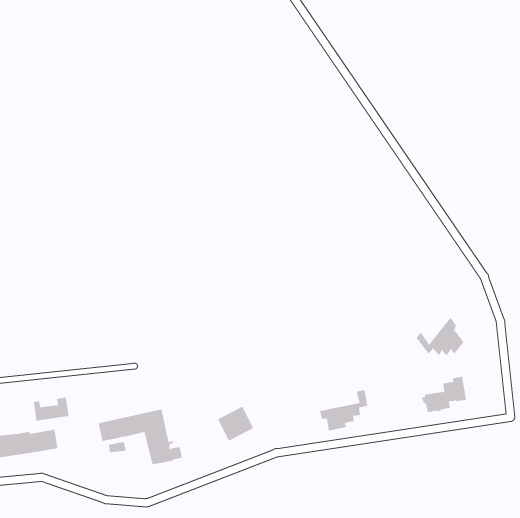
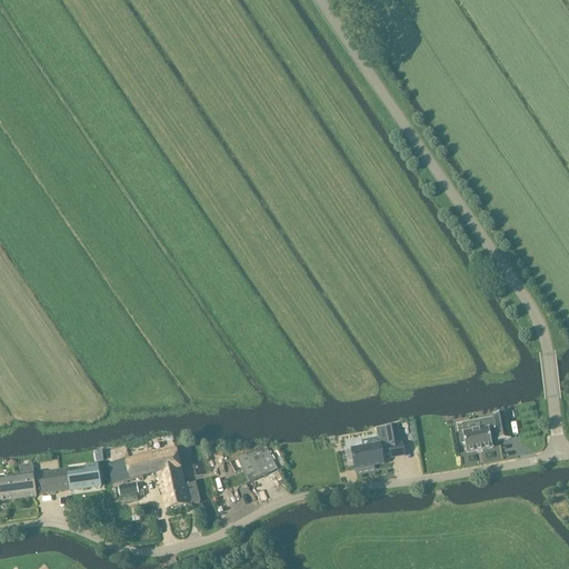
building: [416,317,464,356] -> none
building: [33,397,69,421] -> [60,462,100,489]

